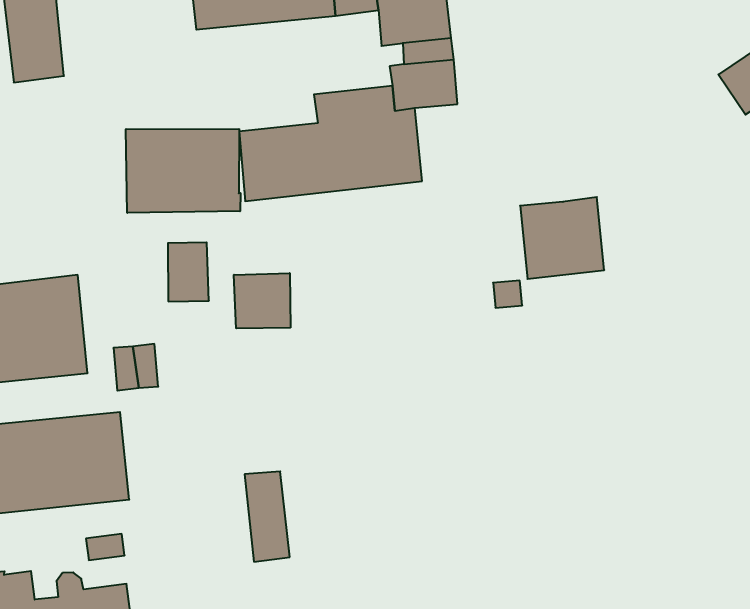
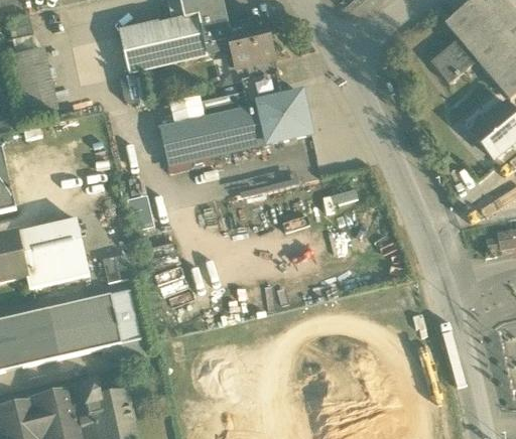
building: [126,129,240,213] -> none
building: [520,197,604,279] -> [258,91,310,142]
building: [234,273,290,328] -> none
building: [245,471,290,562] -> [110,290,141,343]

